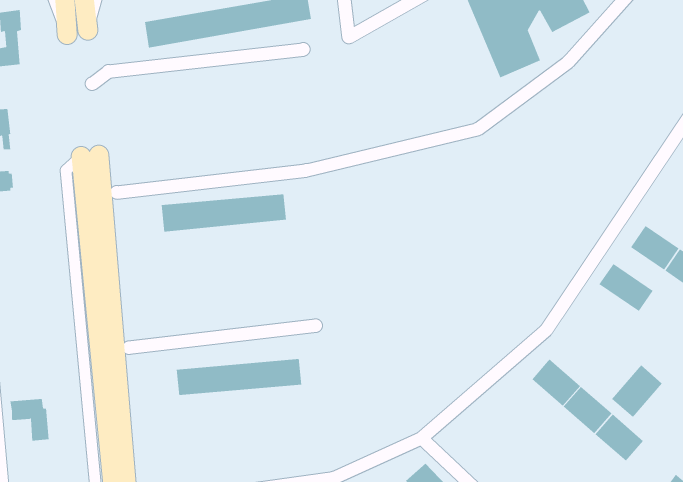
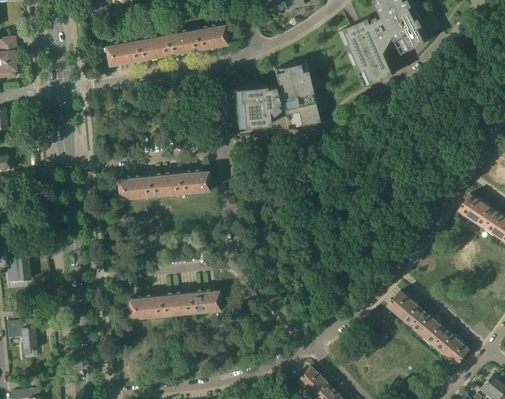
building: none -> [235,62,321,129]
building: [599,263,654,312] -> none
building: none -> [7,250,31,281]
building: [611,365,663,418] -> none

